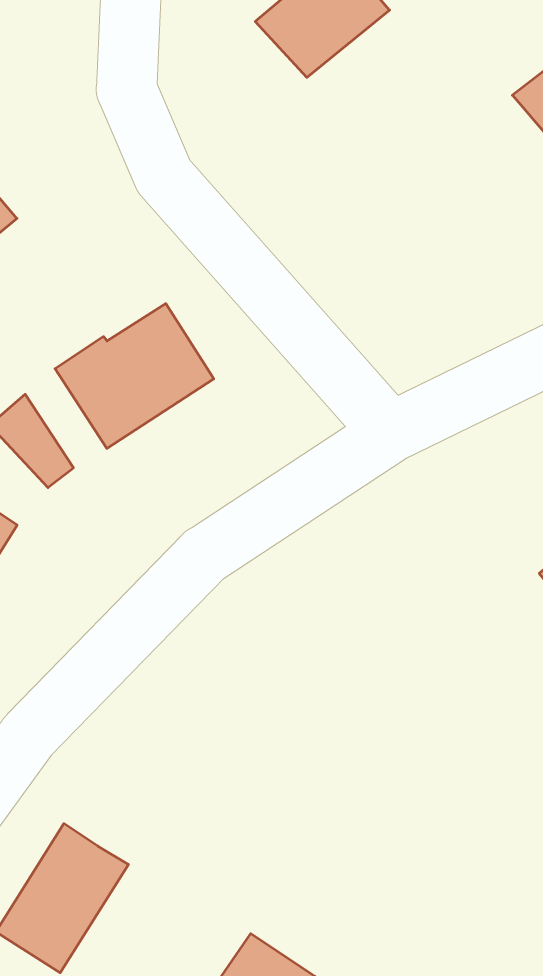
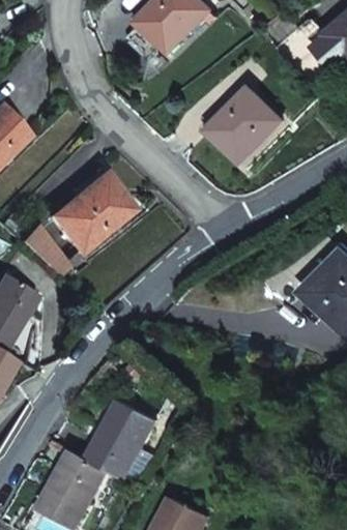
building: none -> [208,91,281,161]
building: none -> [89,399,154,476]

